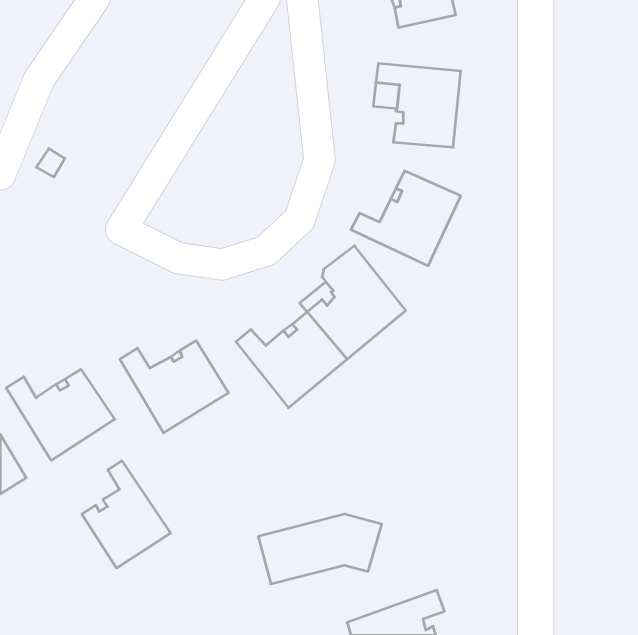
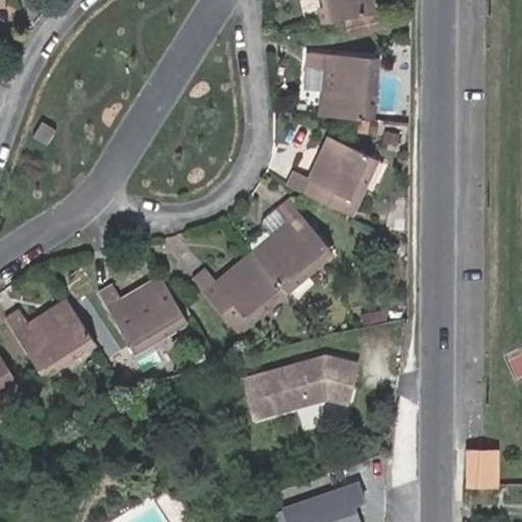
building: [82,461,171,568] -> none
building: [258,514,382,584] -> [256,352,357,409]
building: none -> [465,441,499,480]

